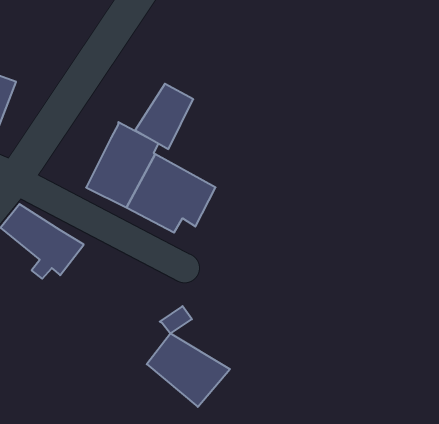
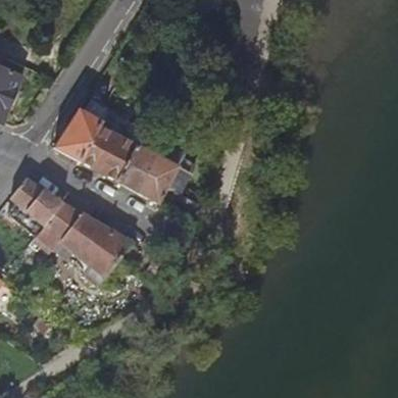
building: [135,84,193,149] -> [54,107,104,163]
building: [147,333,230,407] -> [60,212,132,276]

